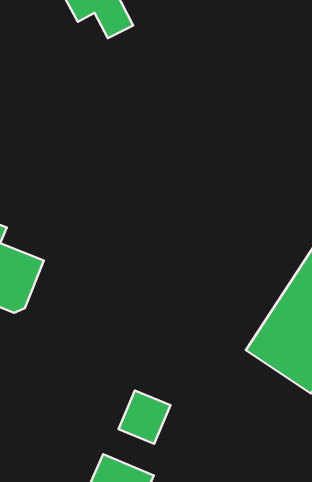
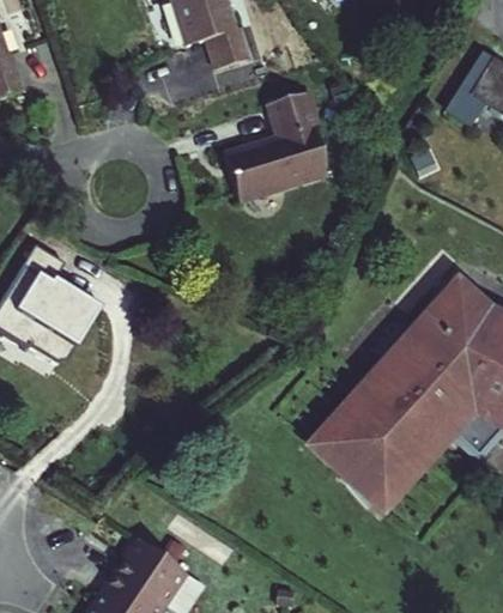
building: none -> [214,85,322,195]
building: [119,390,170,444] -> none

